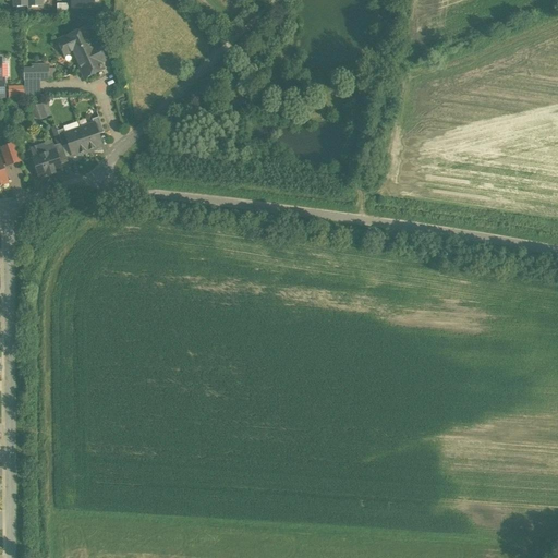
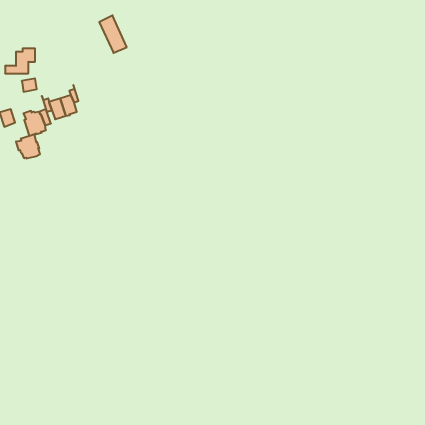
building: [65,28,101,77] -> [99,15,127,53]
building: none -> [16,134,40,159]

